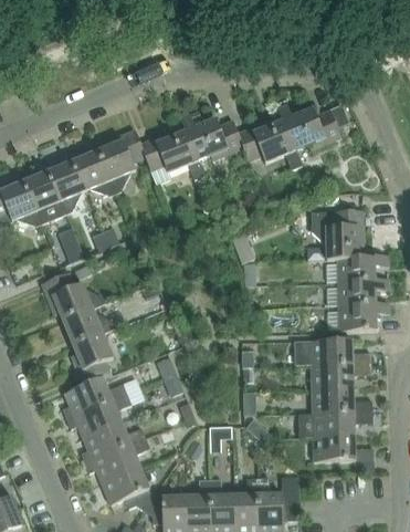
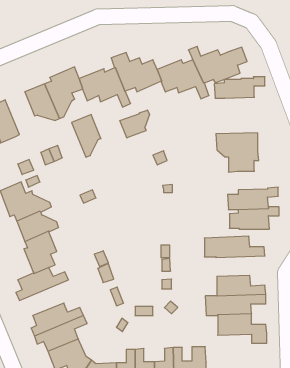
building: [49,160,85,213] -> [72,115,101,157]
building: none -> [120,110,149,138]
building: [325,255,388,282] -> [214,77,265,98]
building: [311,364,371,389] -> none
building: [66,394,132,438] -> none

